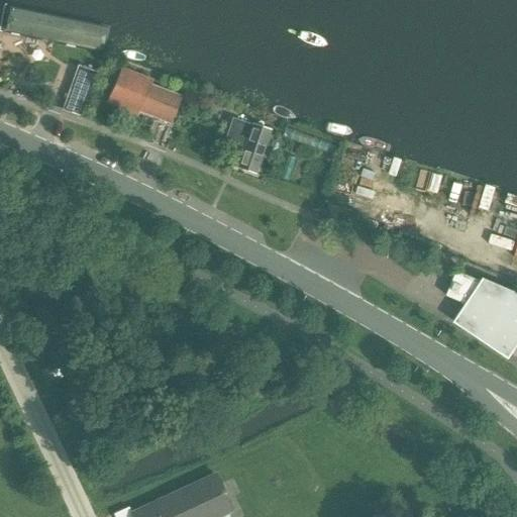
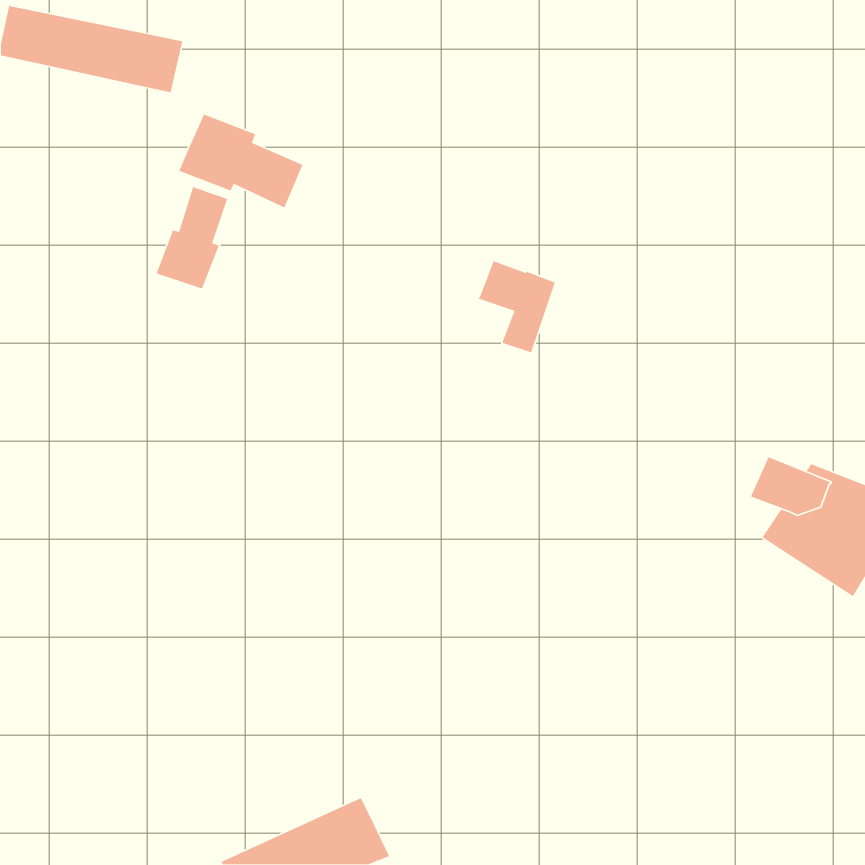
building: [70,67,97,97] -> none
building: none -> [155,186,228,290]
building: [224,117,271,173] -> [478,260,556,354]

